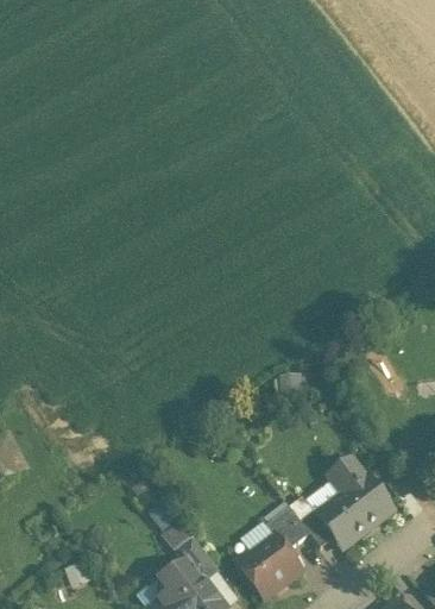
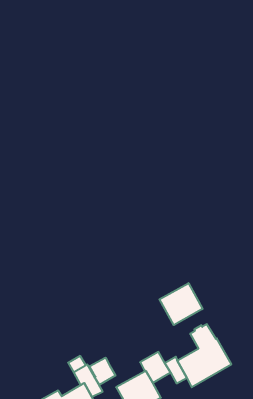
building: none -> [159,283,203,325]
building: none -> [90,358,115,385]

